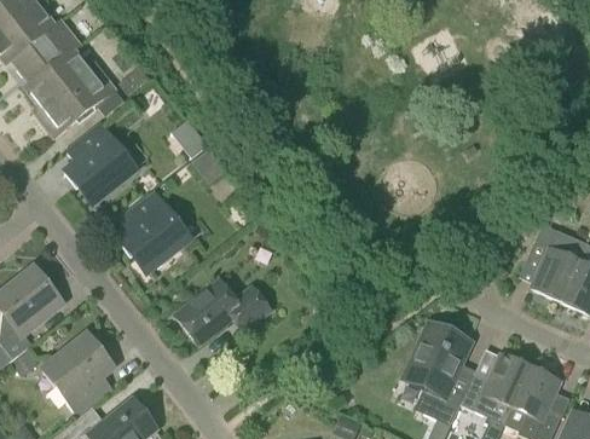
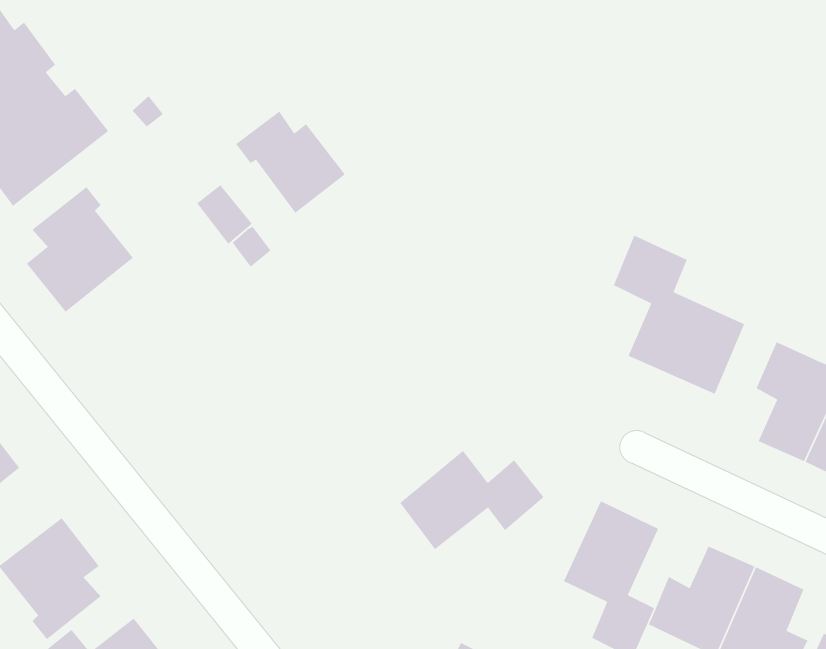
building: none -> [235,111,346,214]
building: none -> [613,234,745,395]
building: [117,195,186,273] -> none
building: [177,279,270,343] -> [399,450,545,550]

